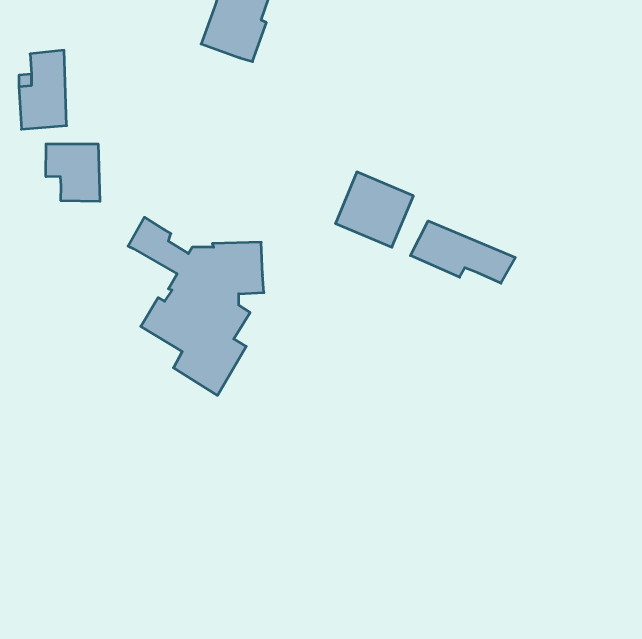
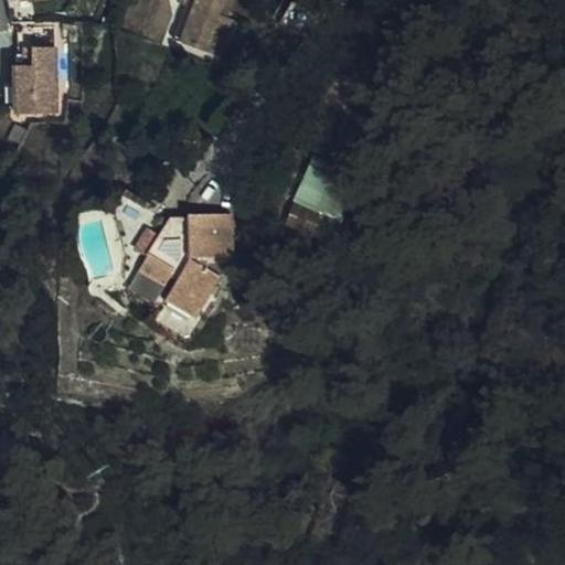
building: [46,144,100,201] -> none
building: [410,221,515,283] -> none

